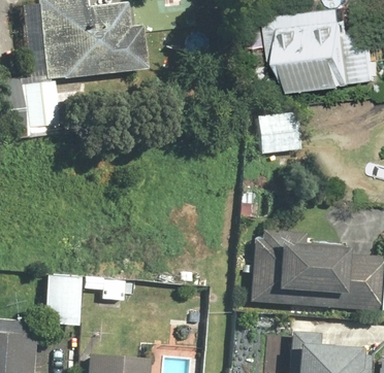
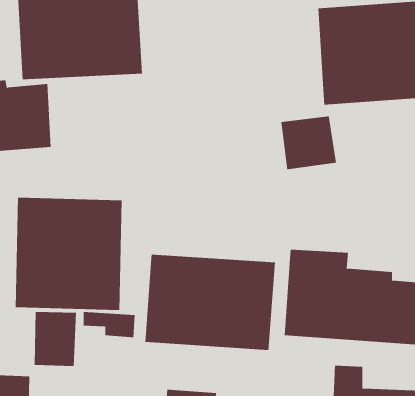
building: none -> [15,197,122,311]
building: none -> [145,254,275,351]

